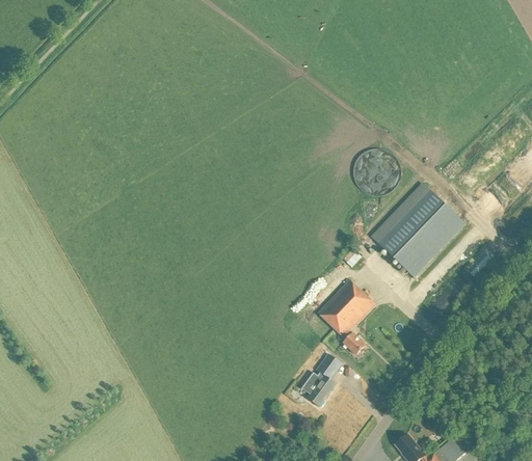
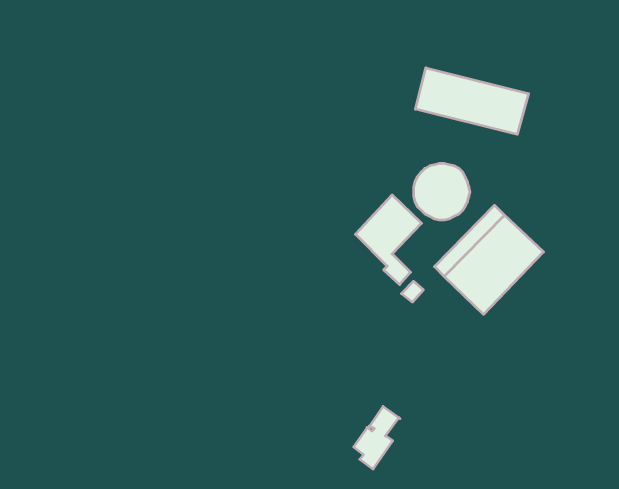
building: none -> [415,68,529,134]
building: [318,278,374,354] -> [355,195,422,285]

